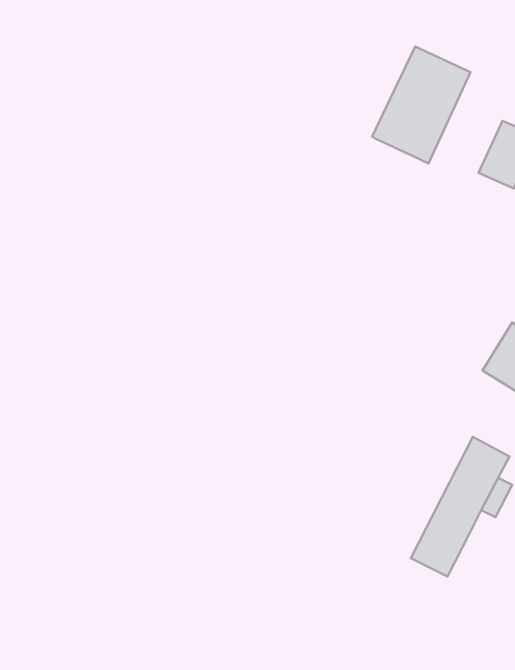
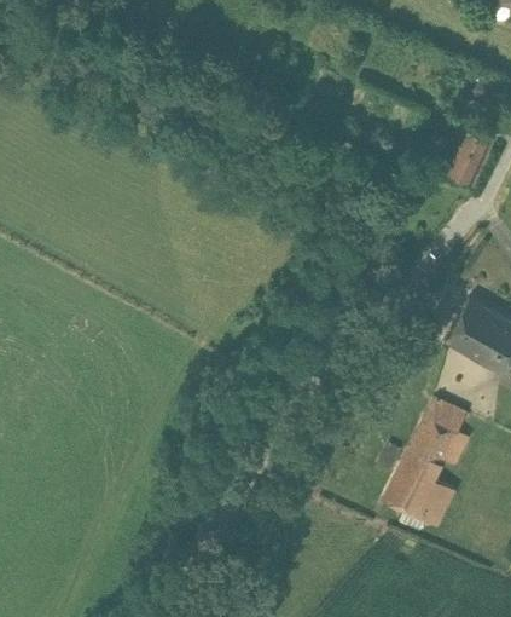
building: [372,47,471,164] -> none
building: none -> [413,479,454,527]

